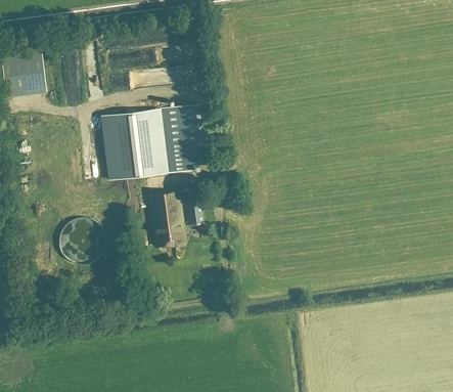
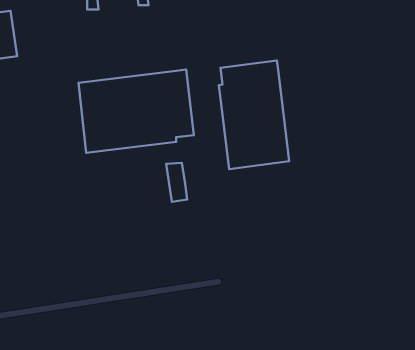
building: none -> [219,61,289,169]
building: [147,191,184,246] -> none

